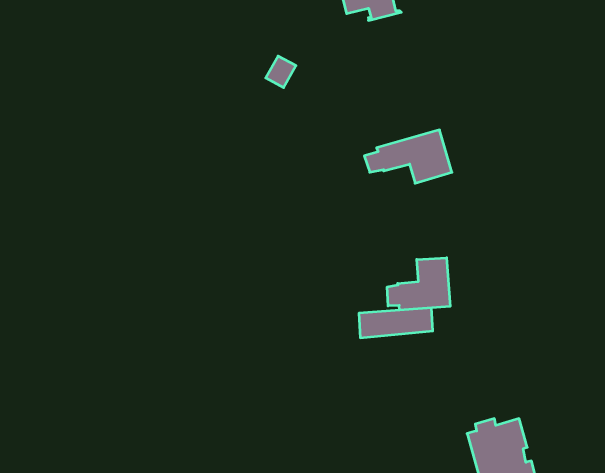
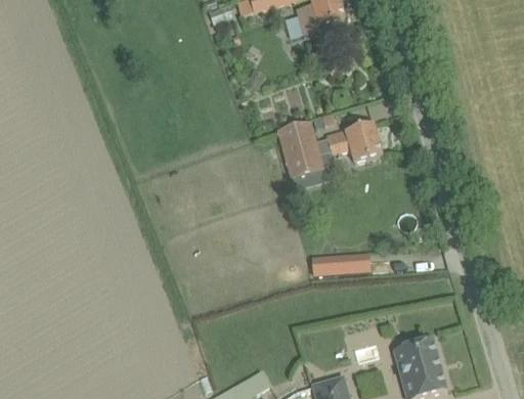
building: none -> [275,121,322,178]
building: [387,258,450,310] -> none

